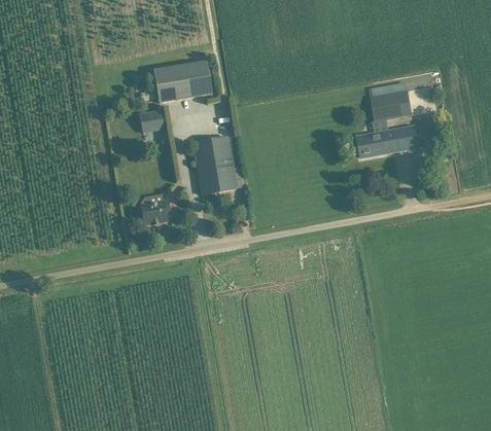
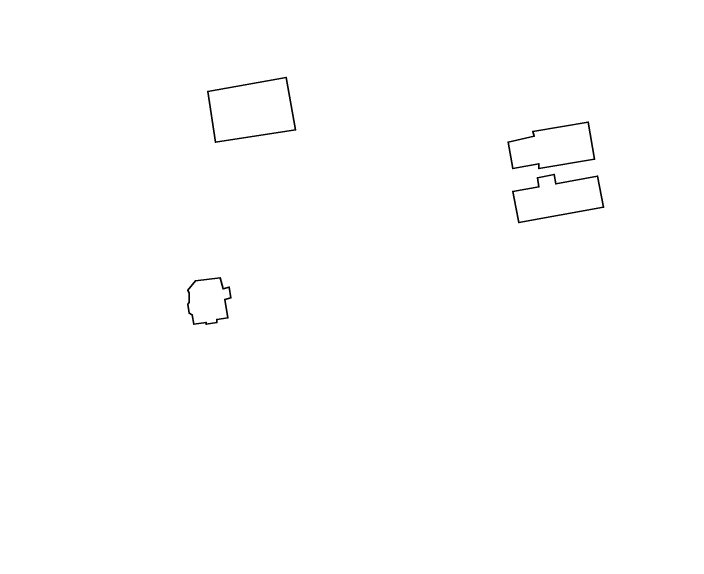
building: [140,110,164,132] -> none
building: [194,136,236,193] -> none

